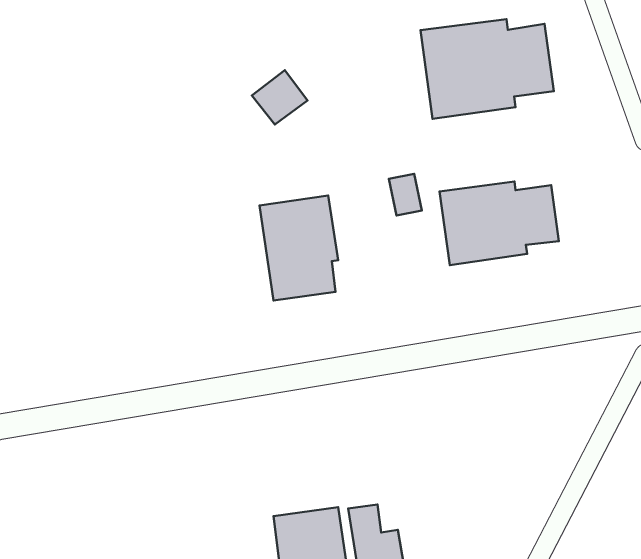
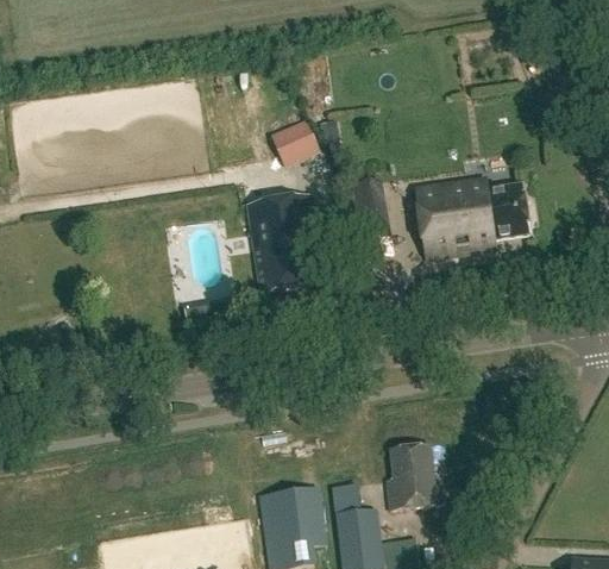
building: [420,19,554,119] -> none
building: [252,70,308,125] -> [269,119,321,170]
building: none -> [387,442,446,507]

